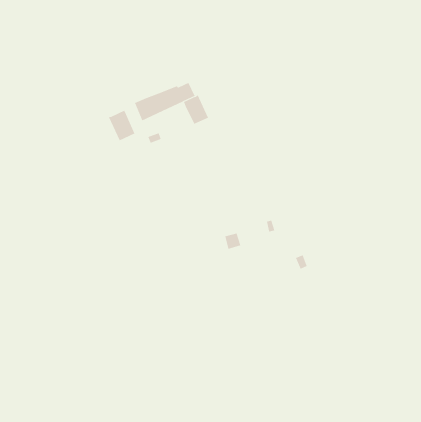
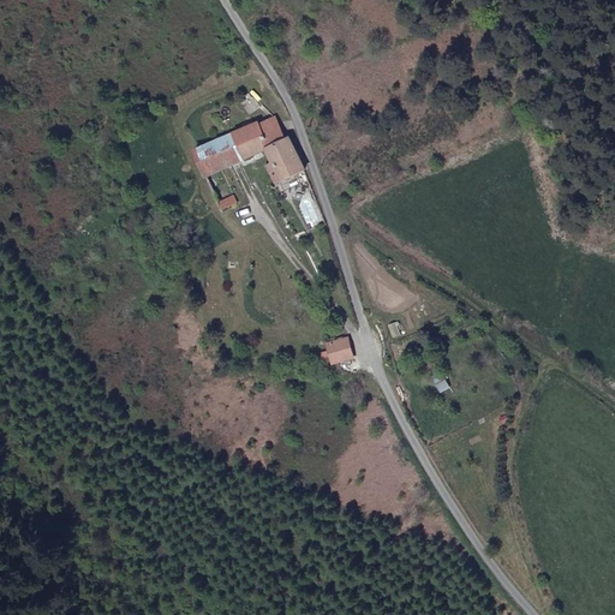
building: [108,110,135,141] -> none

